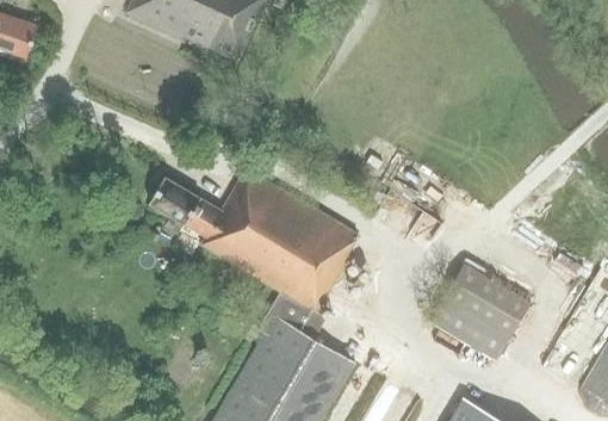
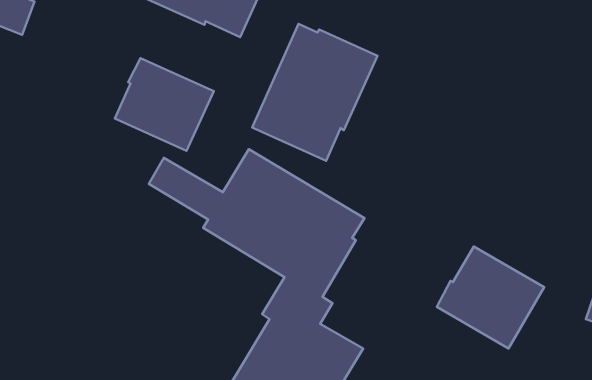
building: none -> [252,24,377,161]
building: none -> [115,58,214,151]

